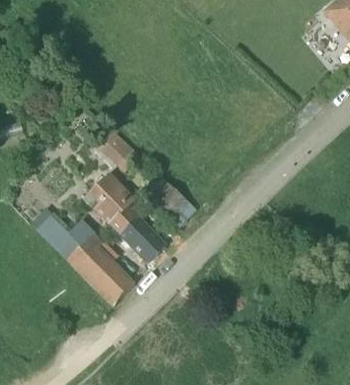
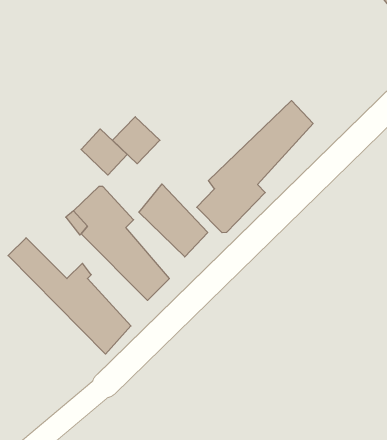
building: none -> [197,101,313,233]
building: none -> [112,117,160,164]

